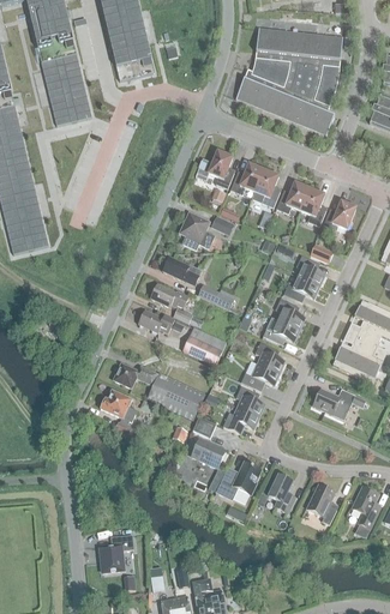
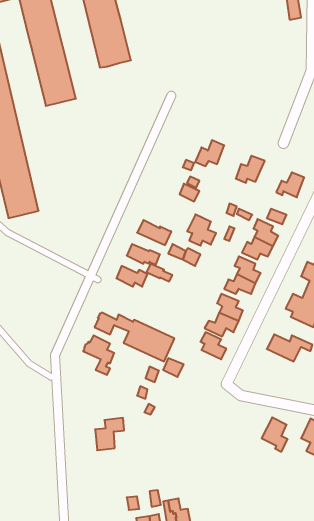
building: [235,26,343,134] -> none
building: [194,150,234,187] -> none
building: [251,169,280,206] -> none
building: [299,187,325,225] -> none
building: [180,212,214,248] -> [187,214,216,246]
building: [182,326,226,365] -> none
building: [222,405,259,433] -> none
building: [191,437,226,466] -> none
building: [216,462,260,499] -> none
building: [268,474,295,512] -> none
building: [100,534,133,571] -> [95,418,124,450]

